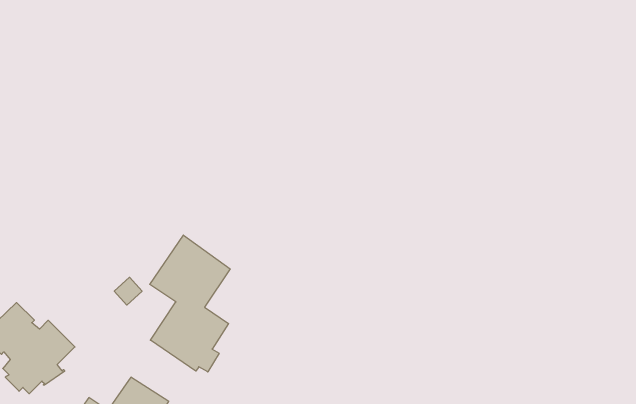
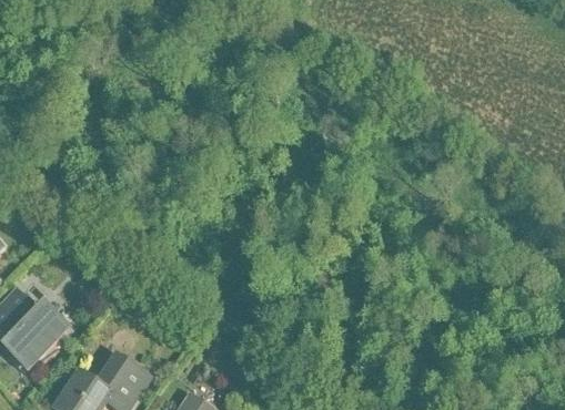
building: [150,235,230,372] -> none

